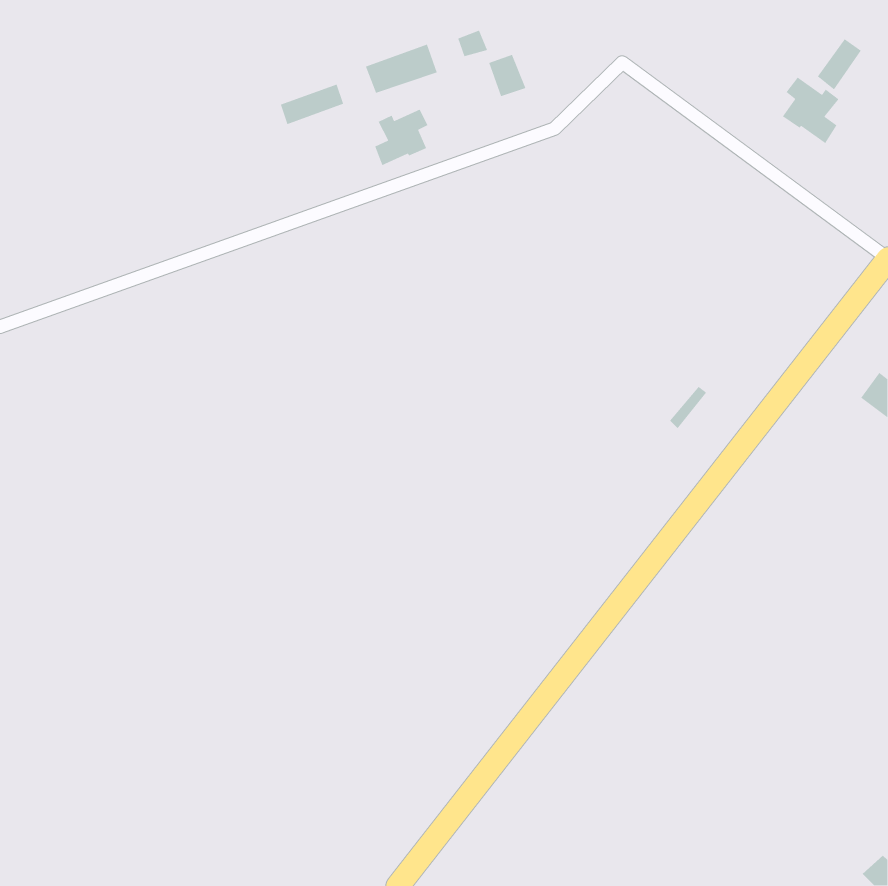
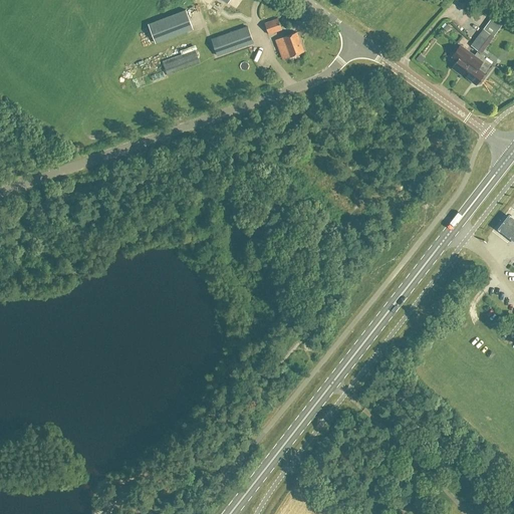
building: none -> [148,8,193,42]
building: [374,109,428,166] -> none

